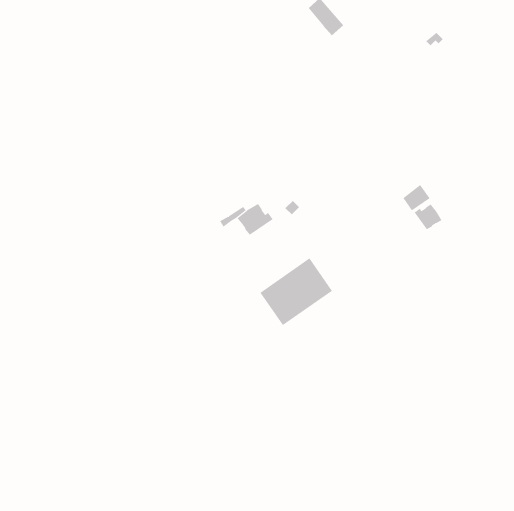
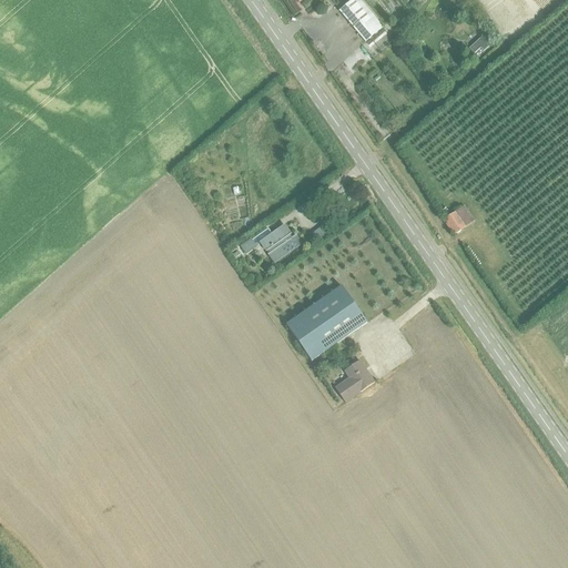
building: [414,204,442,230] -> none
building: none -> [335,358,375,400]

